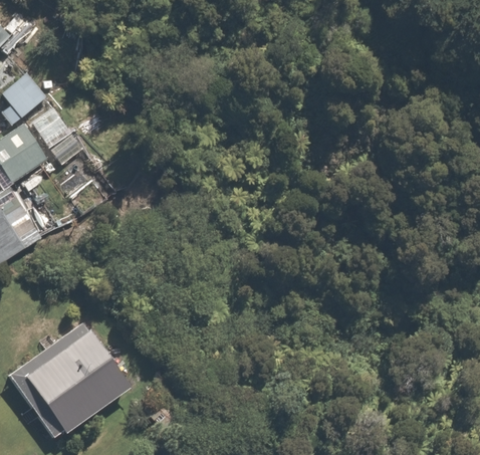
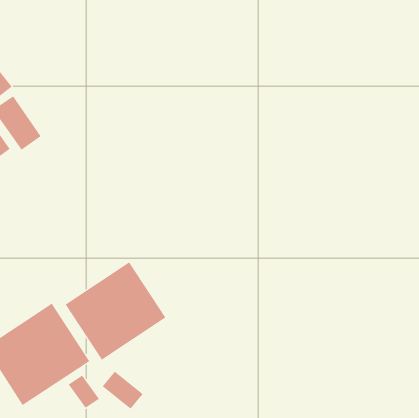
building: none -> [65,262,166,360]

